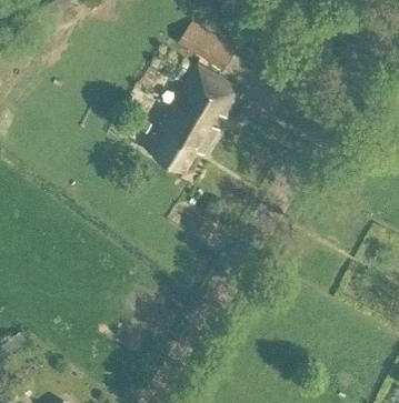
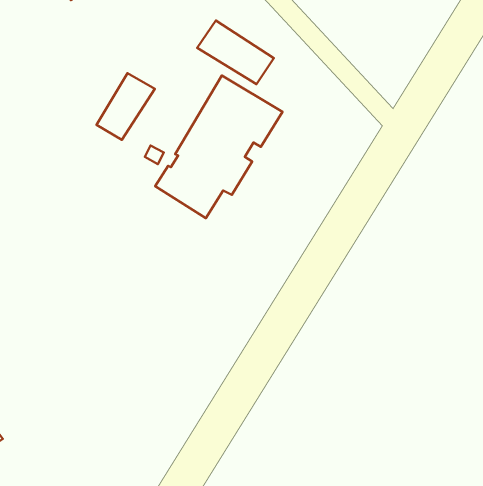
building: none -> [96,73,155,140]

